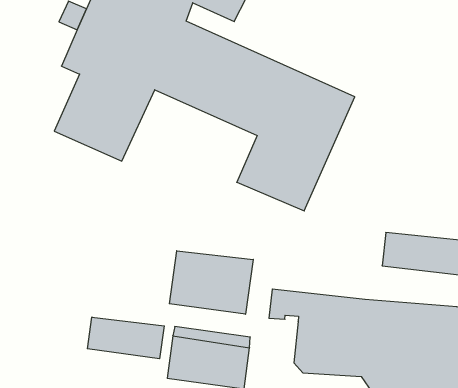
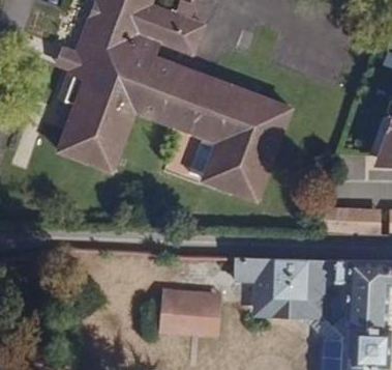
building: [169,251,253,314] -> none
building: [87,317,164,359] -> none

